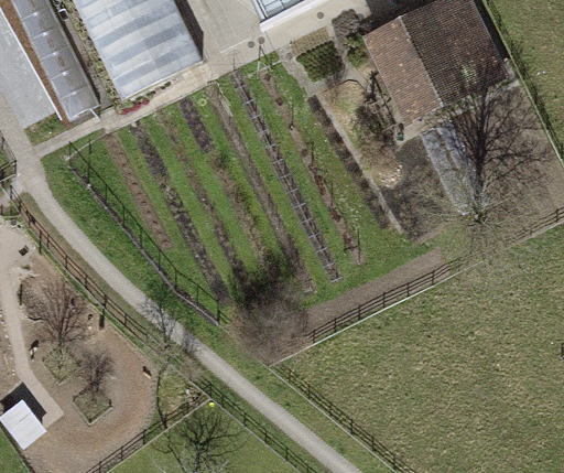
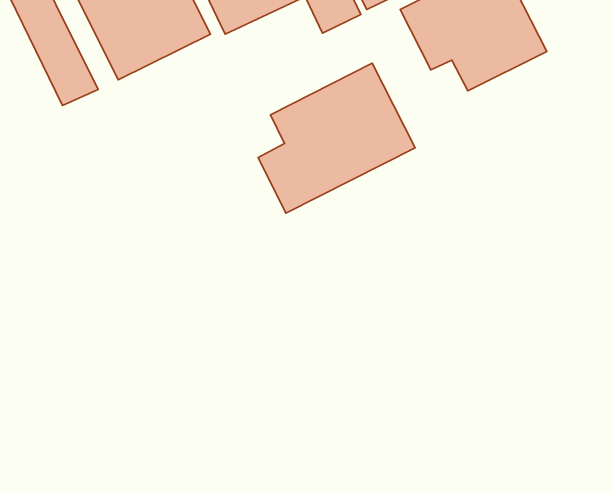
building: none -> [258,63,415,213]

